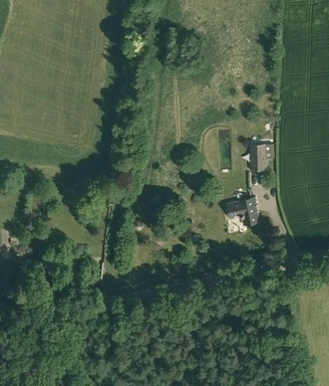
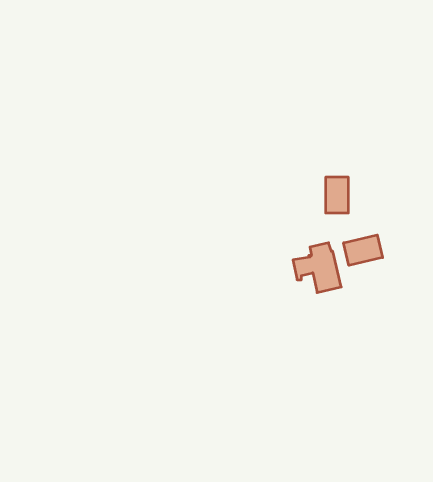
building: none -> [344,235,383,265]

